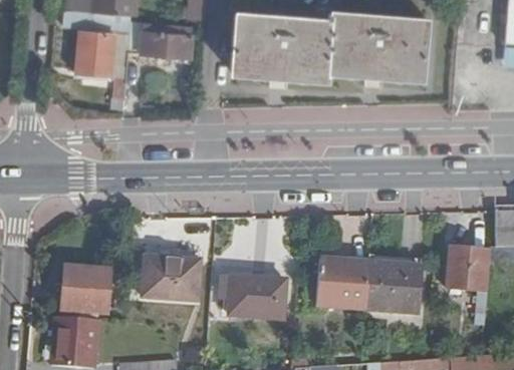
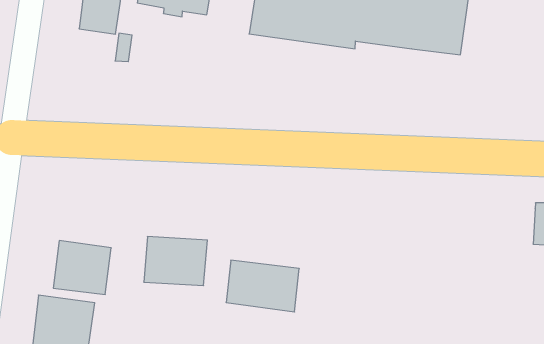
building: [448,249,488,291] -> none
building: [317,260,423,315] -> none

